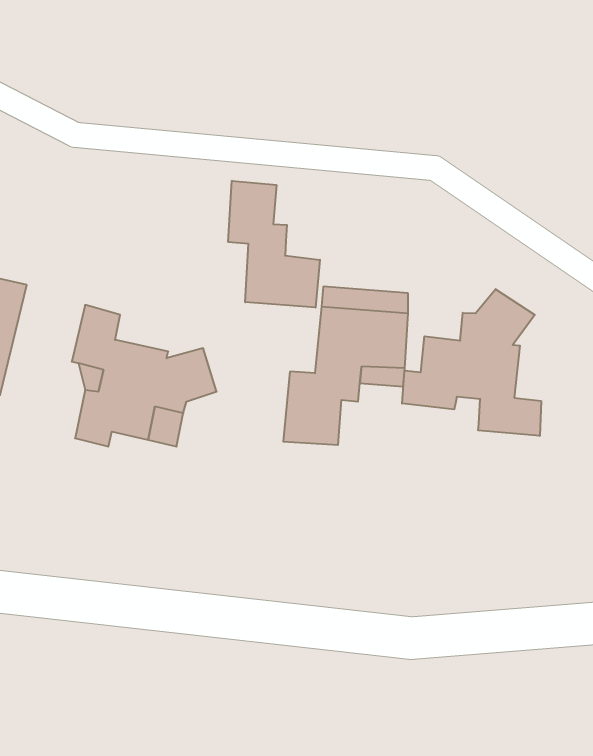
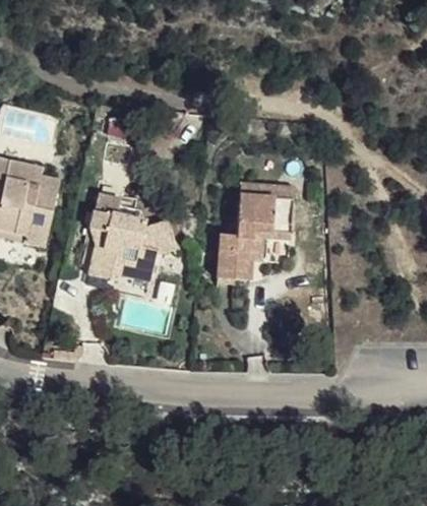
building: [228,181,320,308] -> none
building: [402,289,541,436] -> none

